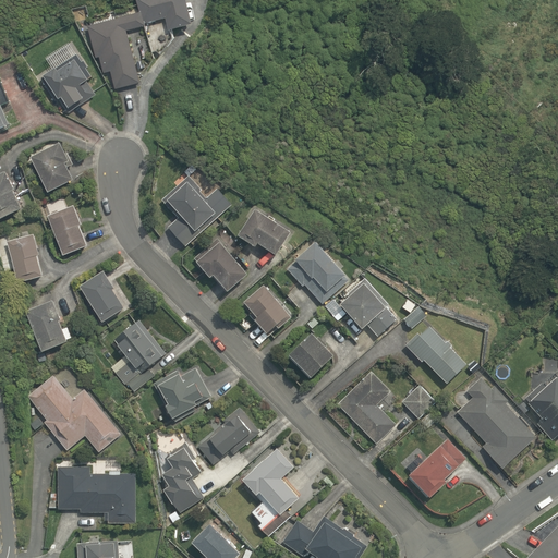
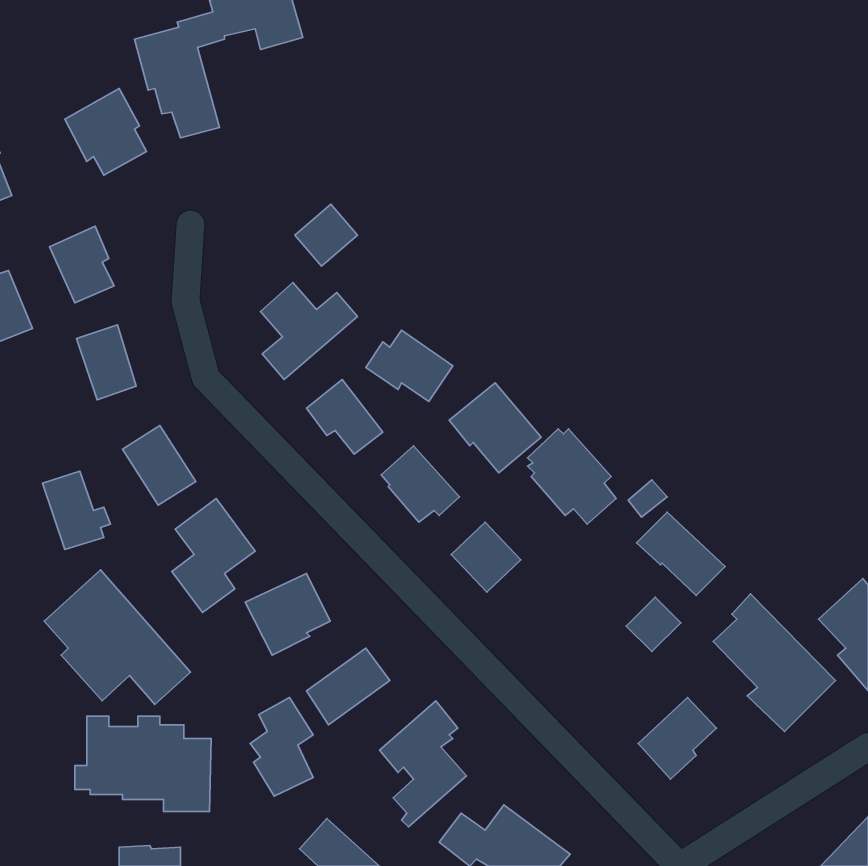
building: none -> [295,204,358,266]
building: [8,236,41,280] -> none
building: [337,372,393,442] -> none

